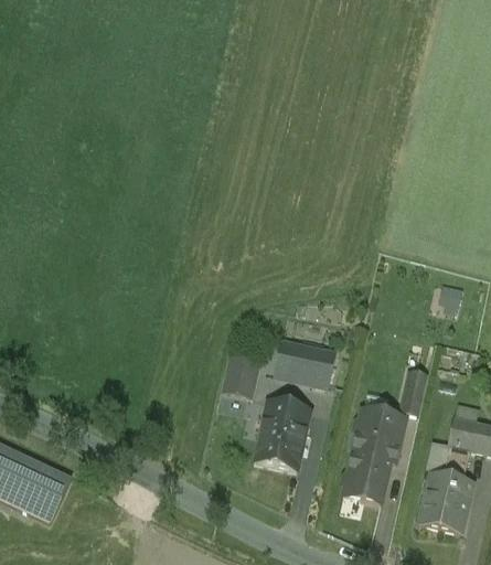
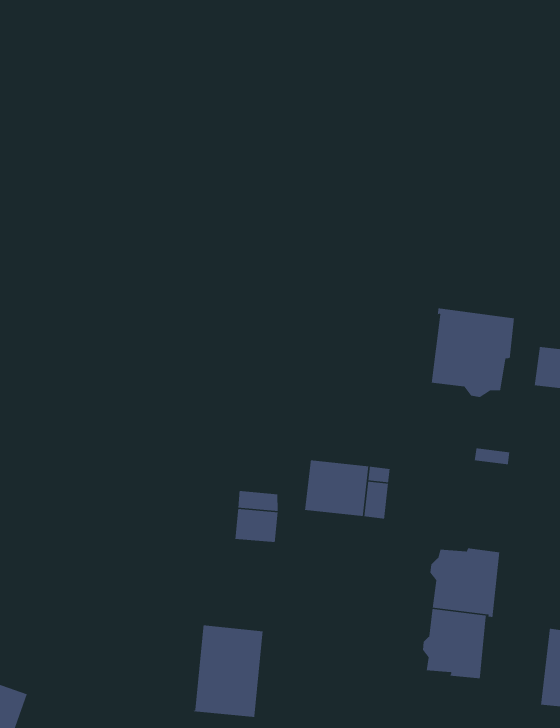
building: none -> [431,308,515,398]
building: [401,370,427,413] -> none
building: [255,399,309,467] -> [193,625,264,718]

